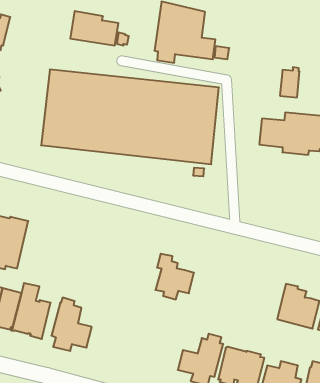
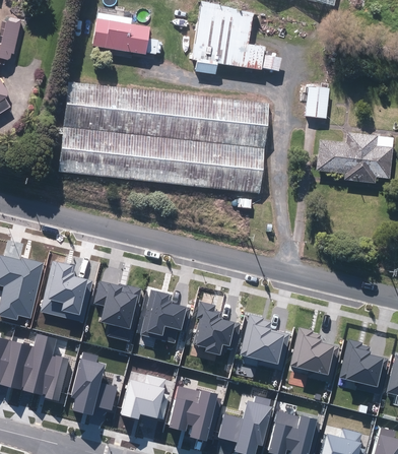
building: [280,67,300,97] -> [305,84,328,120]
building: none -> [39,259,90,321]
building: none -> [92,280,139,341]
building: none -> [139,289,189,342]
building: none -> [238,314,286,368]
building: none -> [285,326,336,381]
building: none -> [120,373,170,419]
building: none -> [167,386,221,441]

